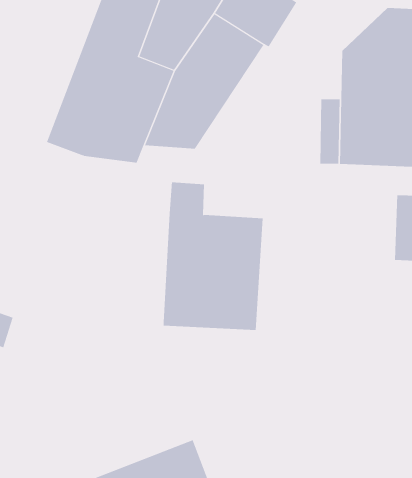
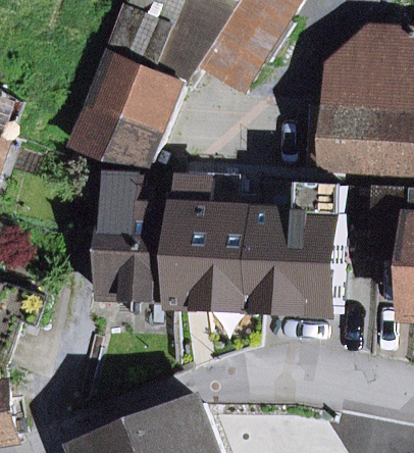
building: none -> [90,172,176,302]
building: none -> [253,184,342,314]

